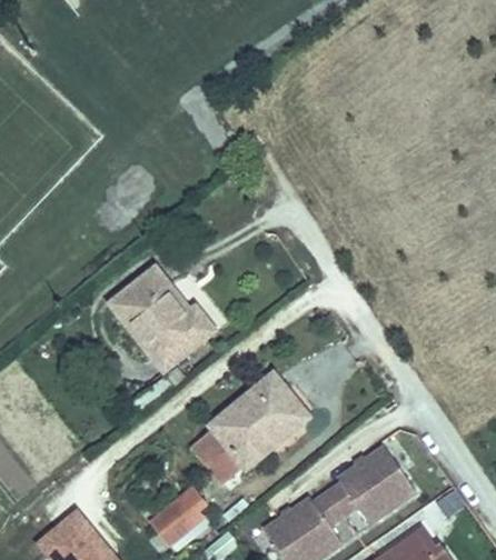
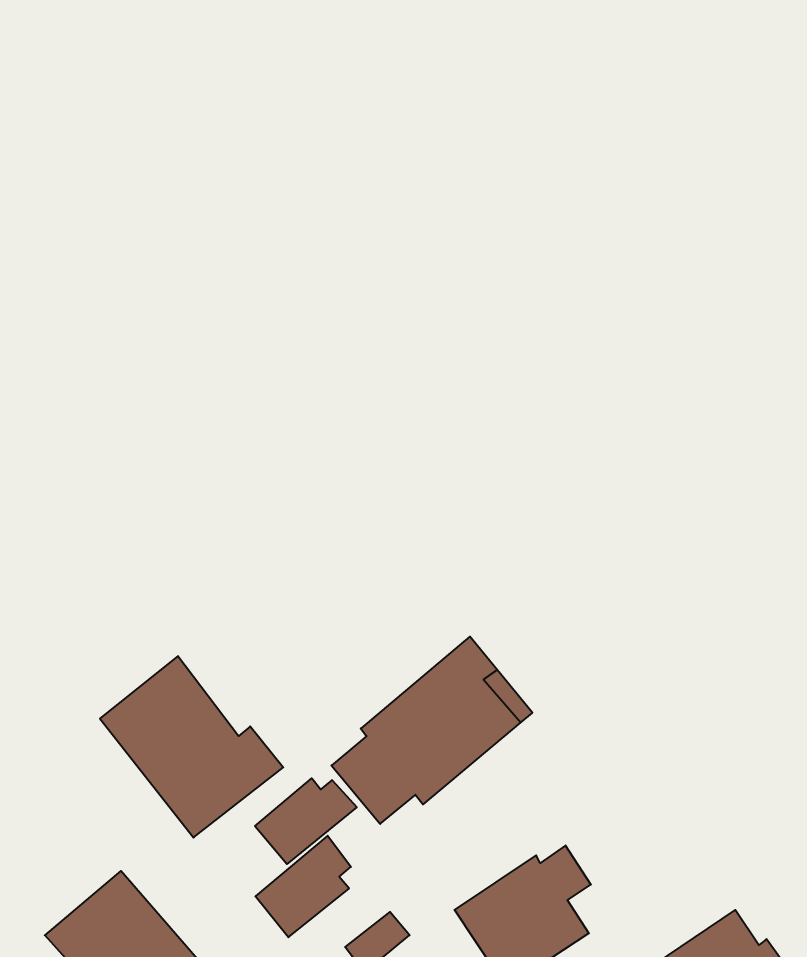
building: [110,267,215,370] -> [100,656,283,838]
building: [327,447,415,523] -> none
building: none -> [255,778,357,864]

